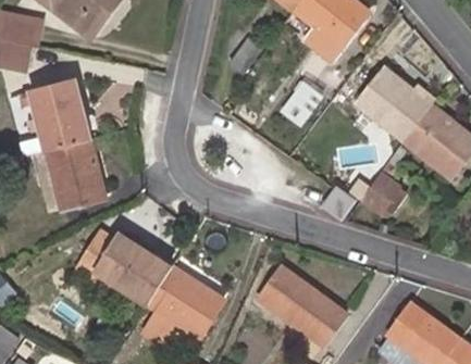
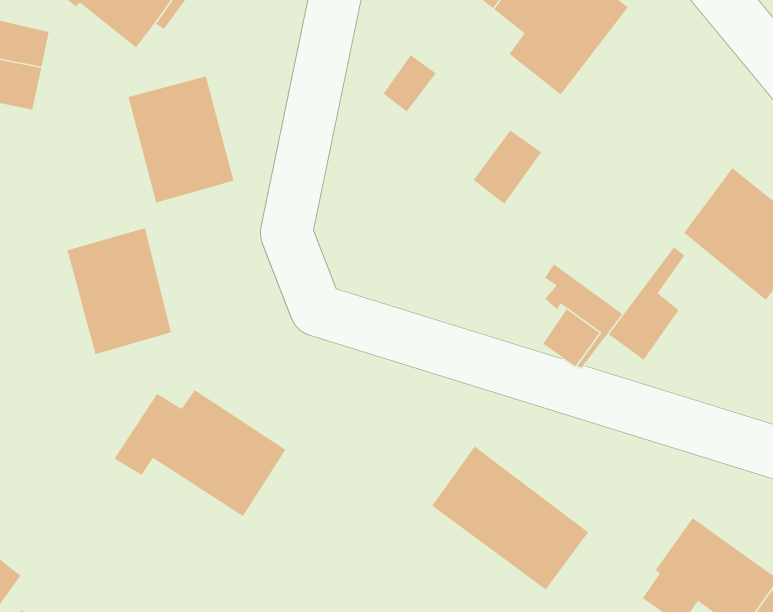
building: [337,64,431,141] -> none
building: [29,77,91,151] -> [127,76,235,204]
building: [142,266,225,346] -> none

